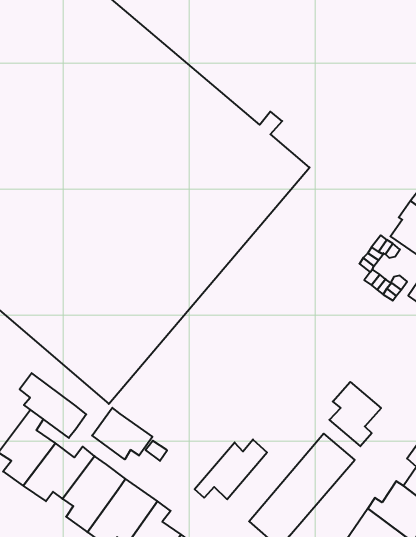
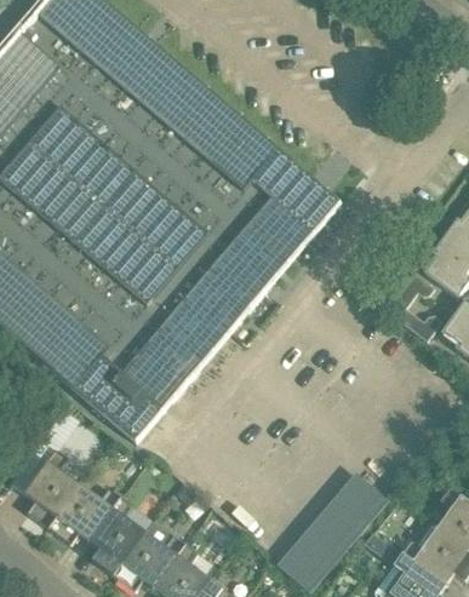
building: [20,373,86,438] -> none
building: [329,382,381,446] -> none
building: [92,408,152,459] -> none
building: [195,439,267,499] -> none

